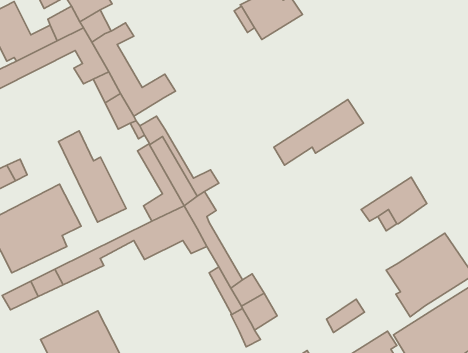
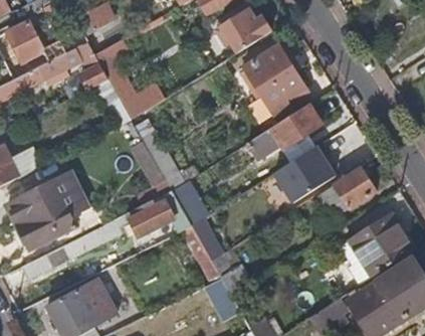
building: none -> [243,45,309,120]
building: [58,131,126,222] -> none
building: none -> [274,142,335,202]

